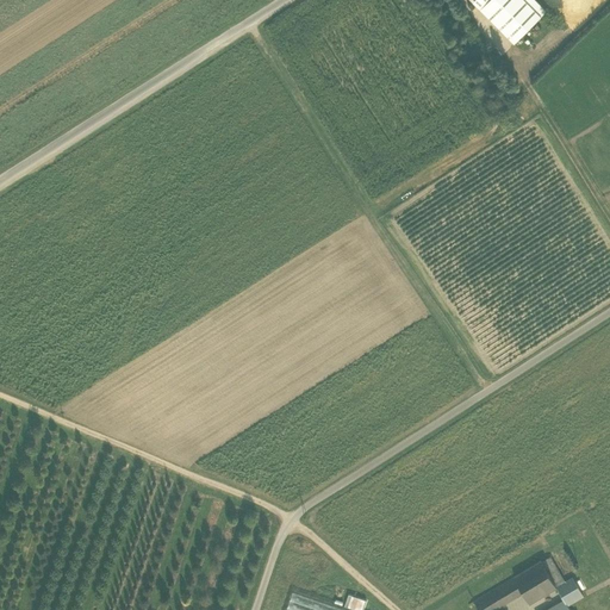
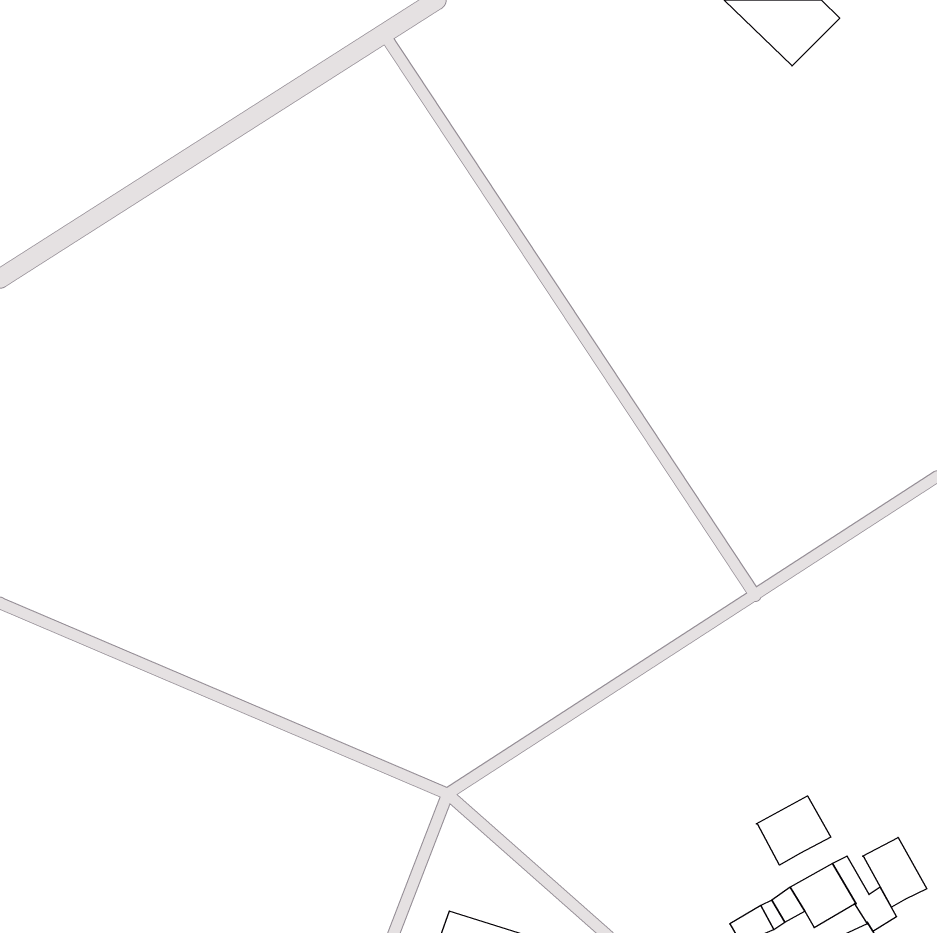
building: none -> [756,796,831,865]
building: none -> [863,837,927,907]

